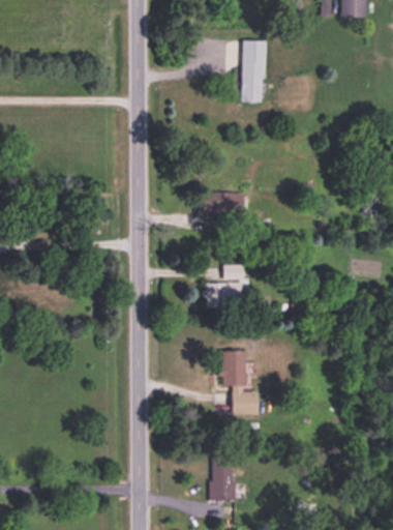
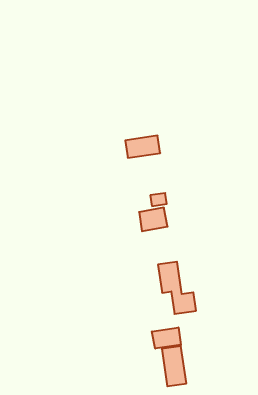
building: [241,40,265,101] -> none
building: none -> [152,327,181,349]

